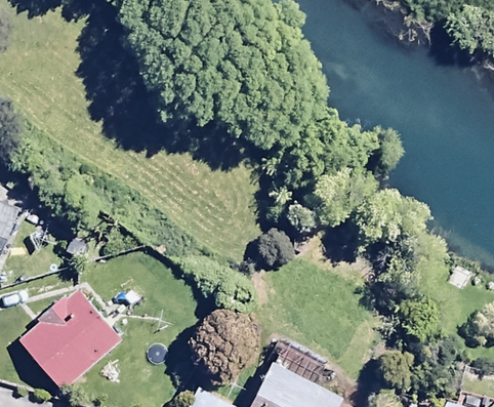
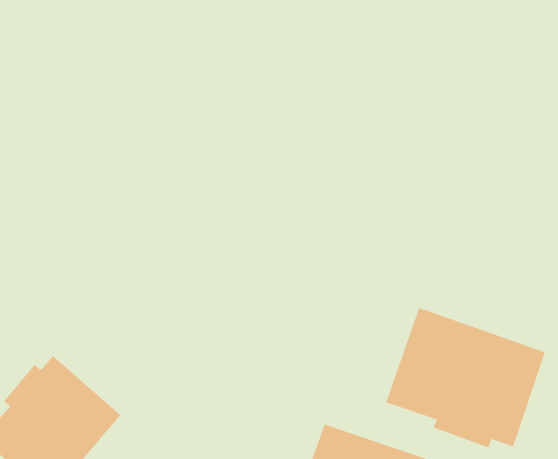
building: none -> [386,307,545,448]

